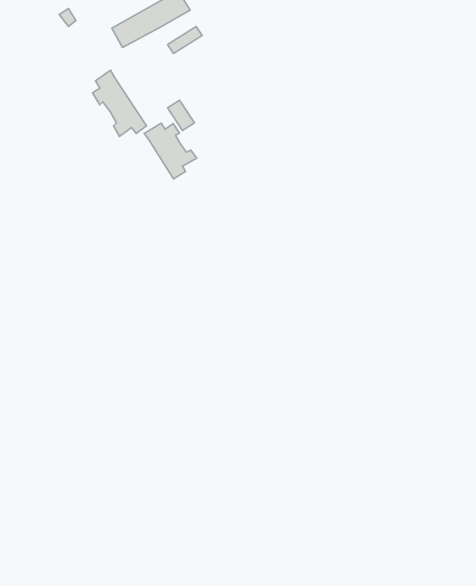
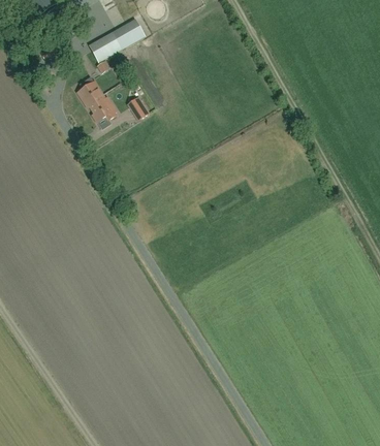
building: [144,123,197,179] -> none

